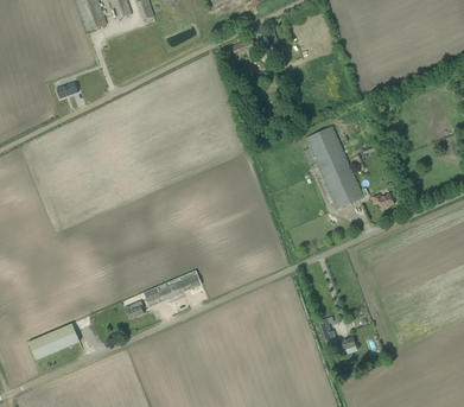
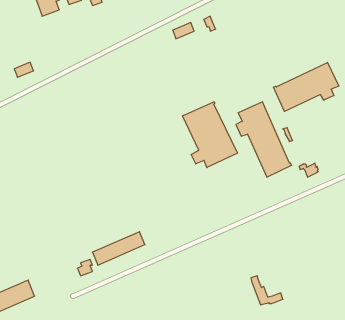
building: none -> [274,62,339,111]
building: none -> [183,102,237,168]

